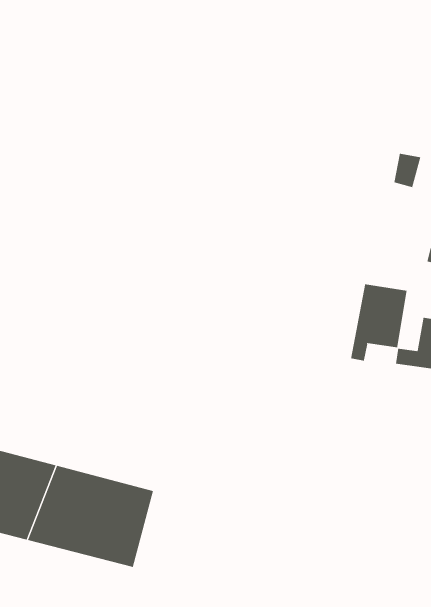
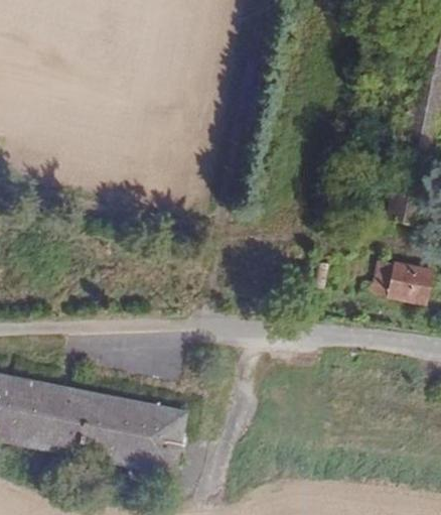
building: [351,284,407,361] -> none

